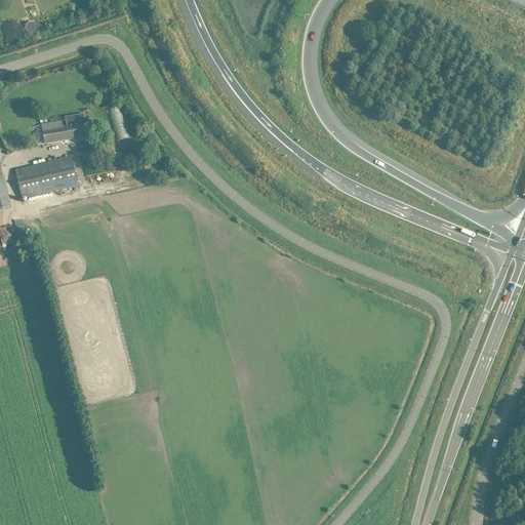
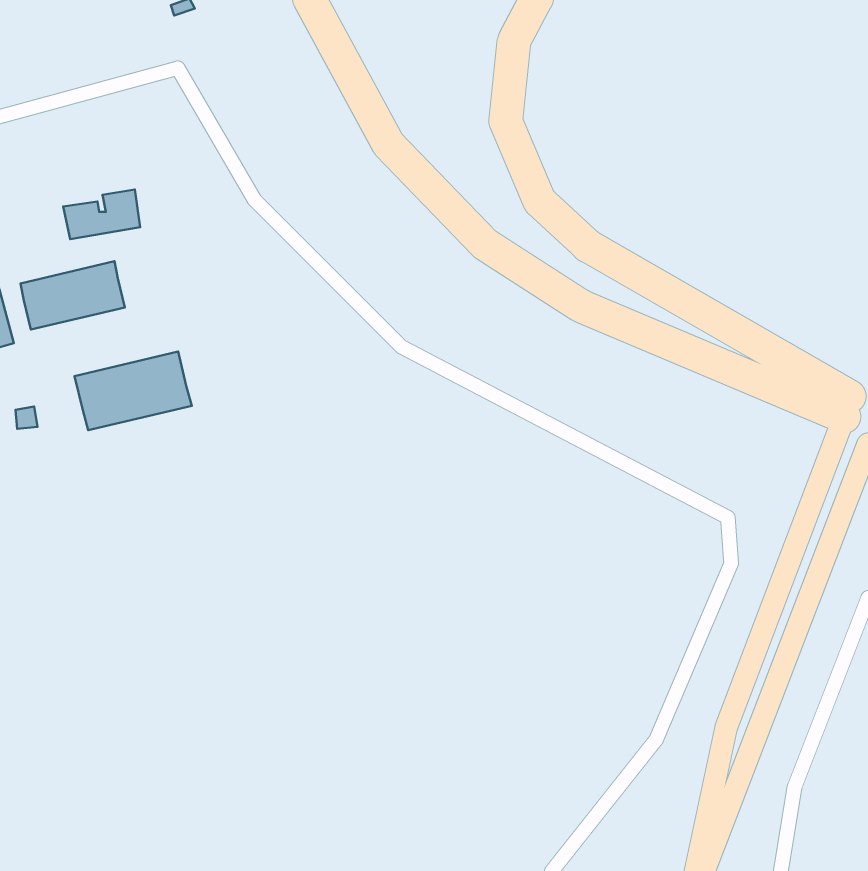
building: none -> [75,352,192,430]

